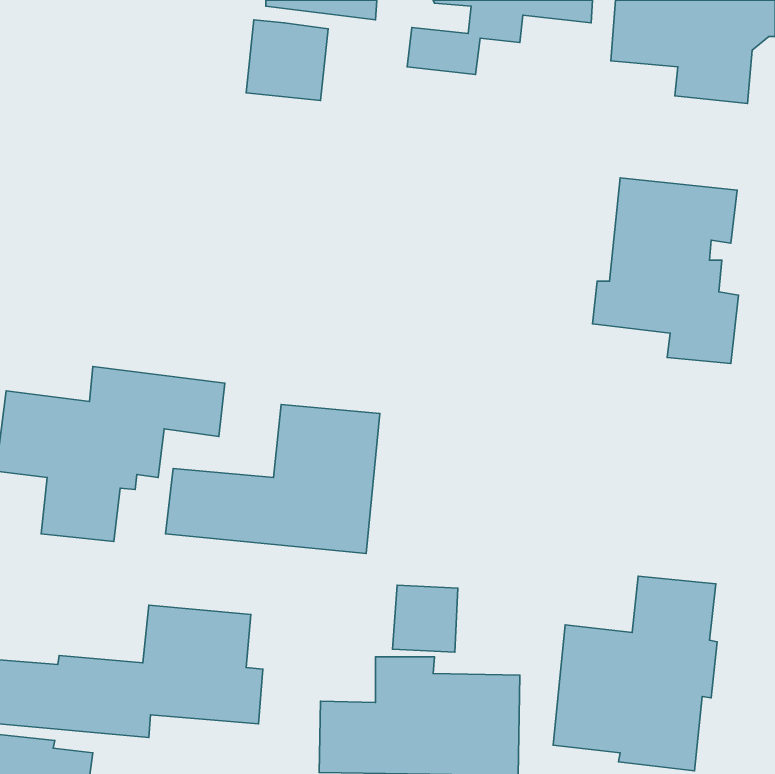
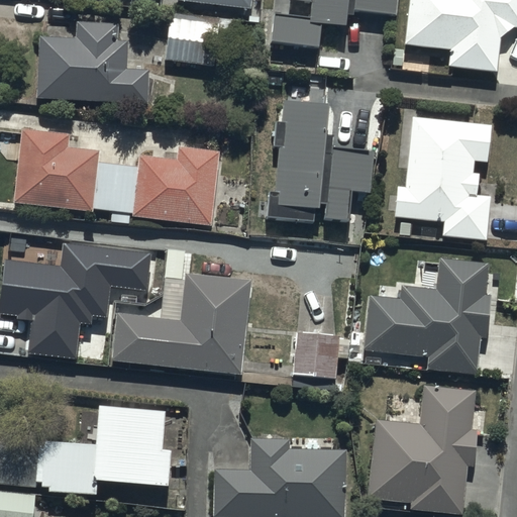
building: none -> [37,31,150,111]
building: none -> [268,99,372,218]
building: none -> [12,127,220,223]
building: none -> [363,257,492,373]
building: [393,585,458,652] -> [293,332,336,377]

